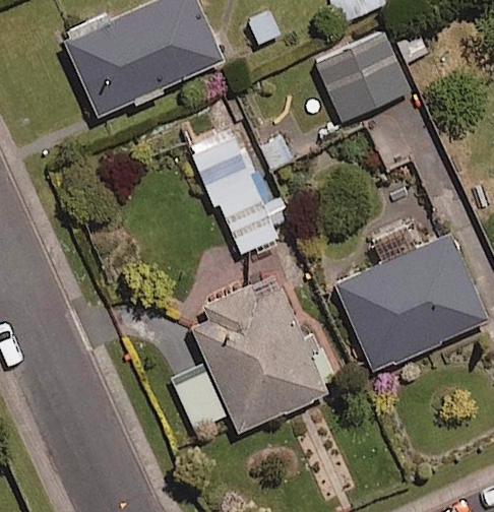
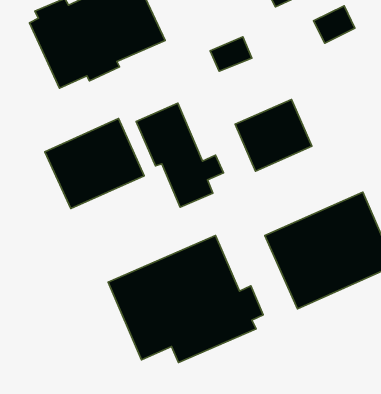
building: [321,36,410,118] -> [235,100,312,171]
building: none -> [45,119,144,209]

